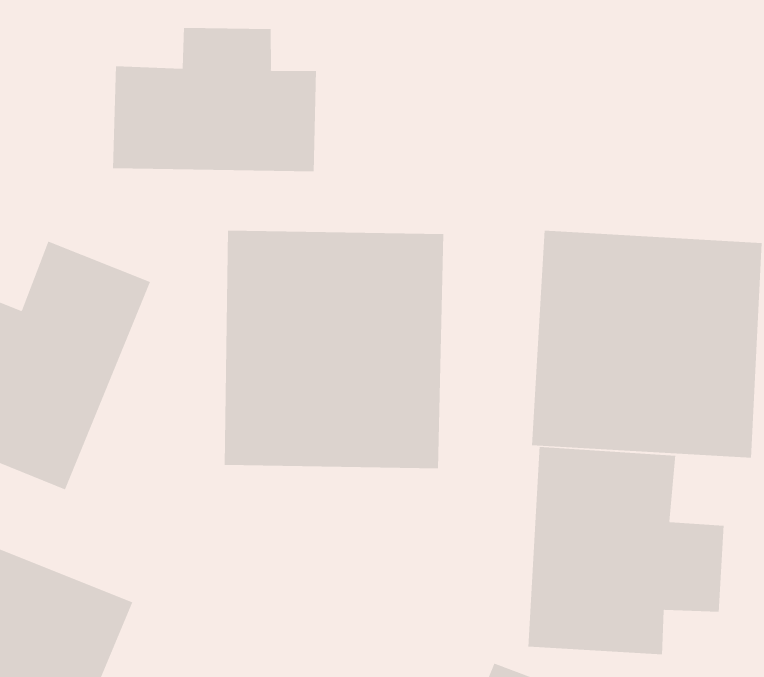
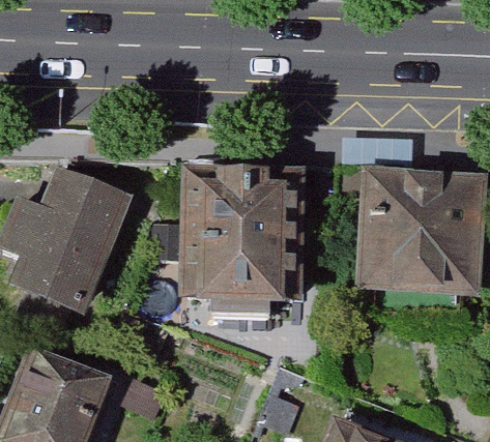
building: [113,27,317,172] -> none
building: [528,446,724,655] -> none

